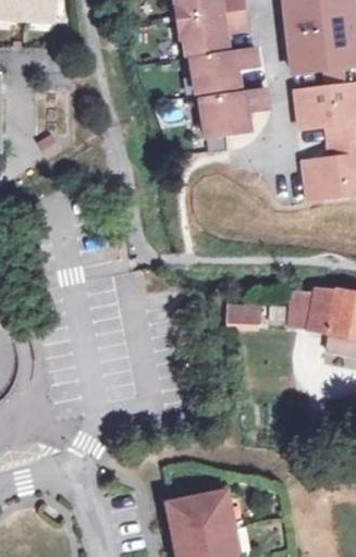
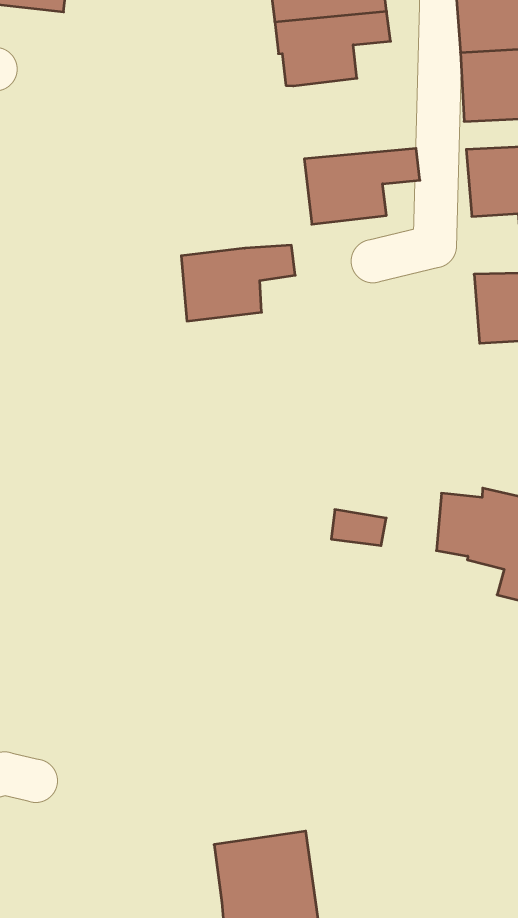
building: [191,48,258,96] -> [181,245,295,321]

